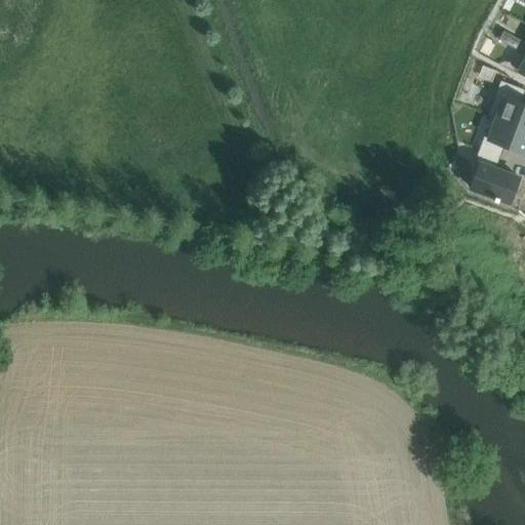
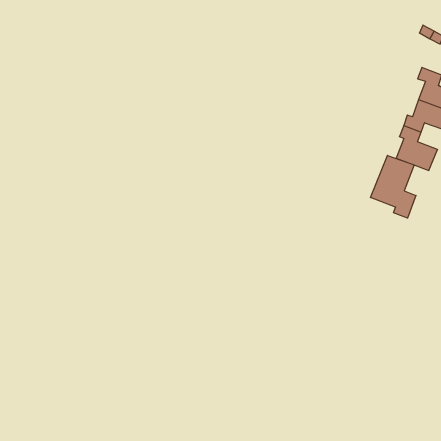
building: none -> [371,155,416,218]

